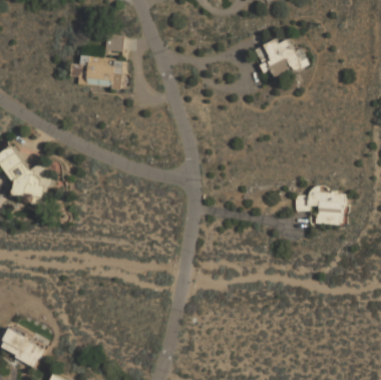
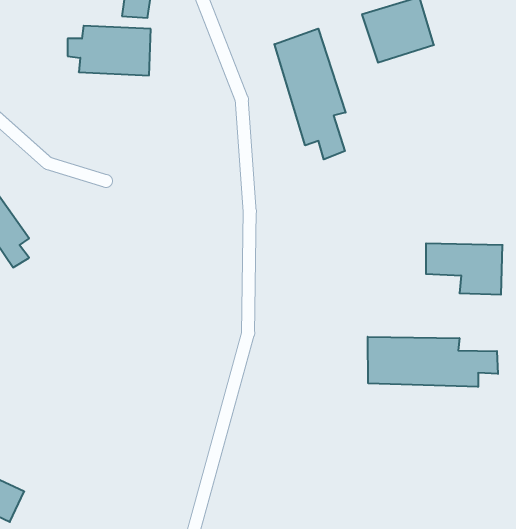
building: none -> [274,29,346,159]
building: none -> [368,337,498,387]

